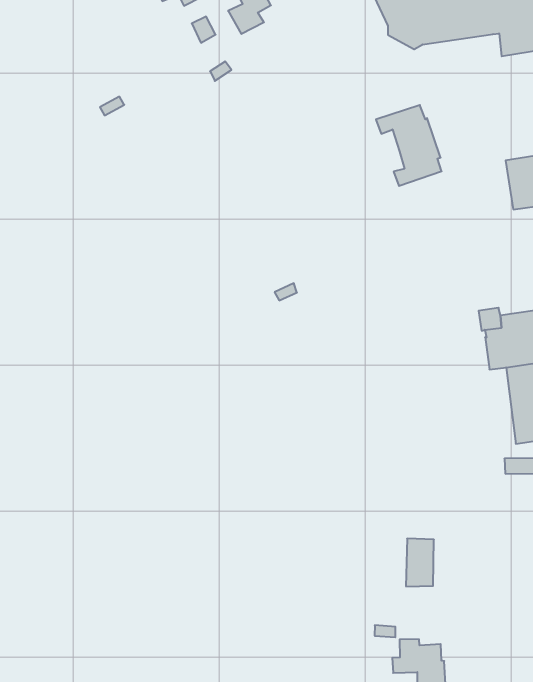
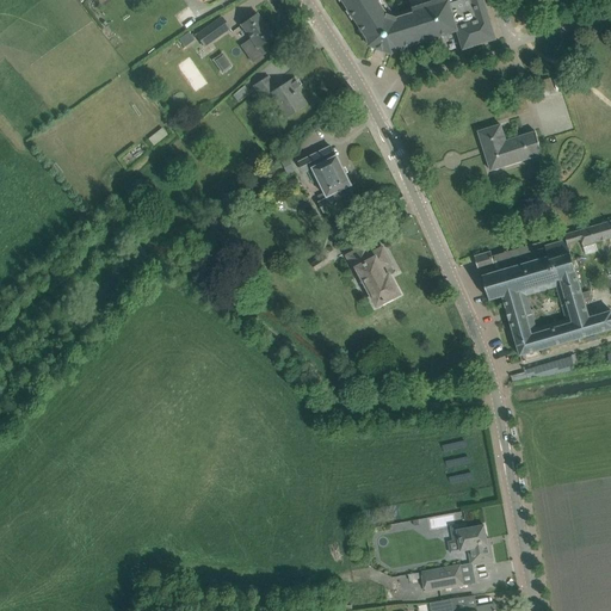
building: none -> [253,76,304,117]
building: [376,105,442,186] -> [296,146,354,212]
building: none -> [346,246,399,306]

